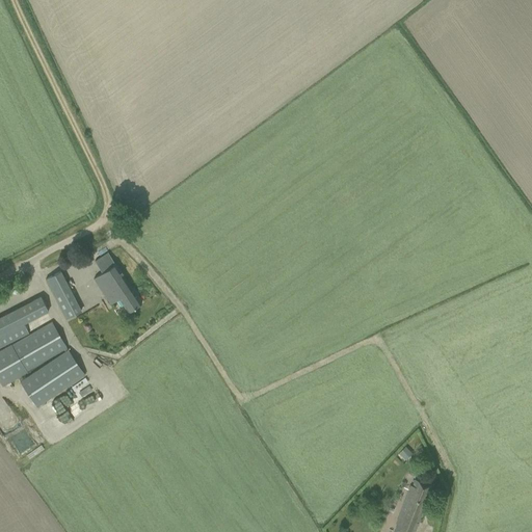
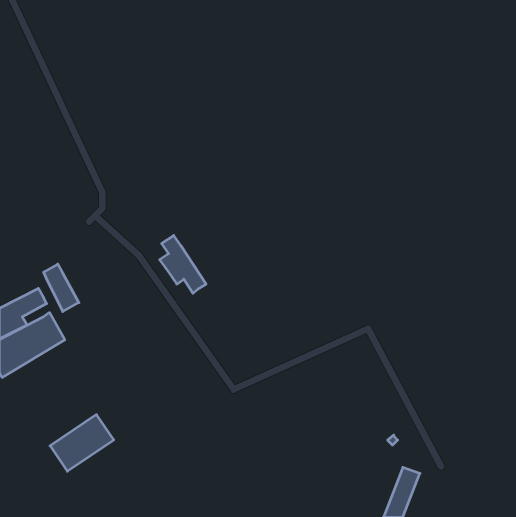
building: [92,254,140,313] -> [160,235,206,293]
building: [19,349,84,407] -> [50,415,114,471]

